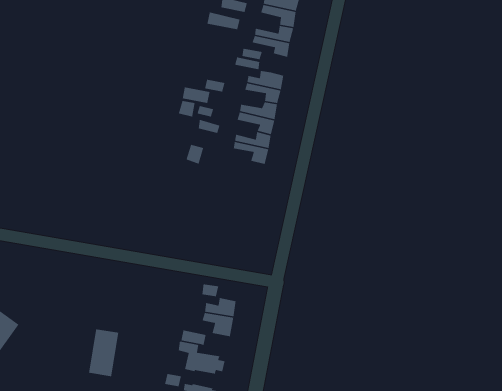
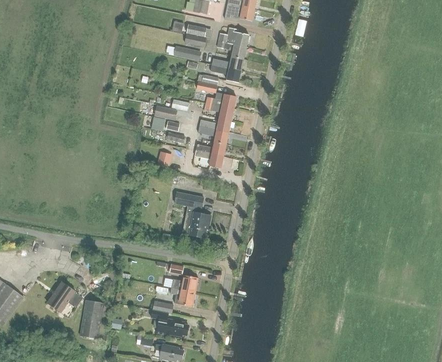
building: none -> [174,191,210,237]
building: none -> [46,281,82,311]

